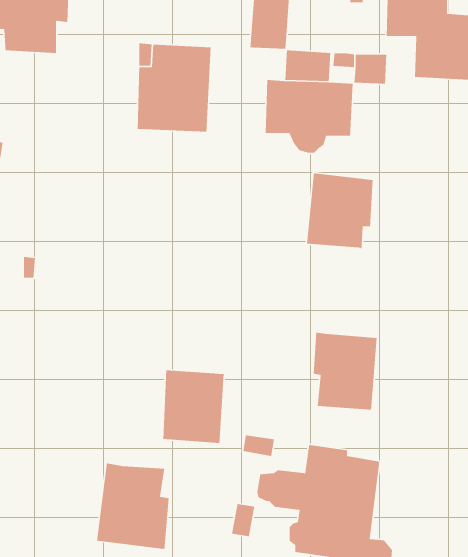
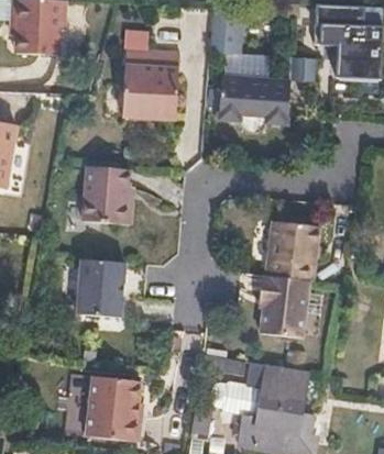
building: [306,172,374,250] -> [267,219,320,279]
building: none -> [81,166,134,225]
building: [163,369,224,444] -> [78,259,127,318]

